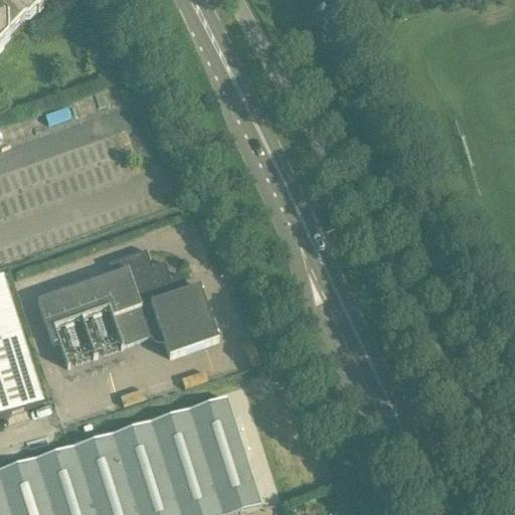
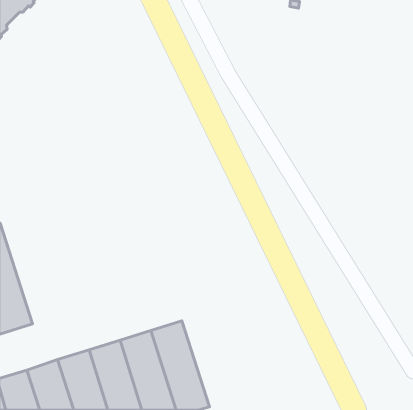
building: [35,248,217,366] -> none

